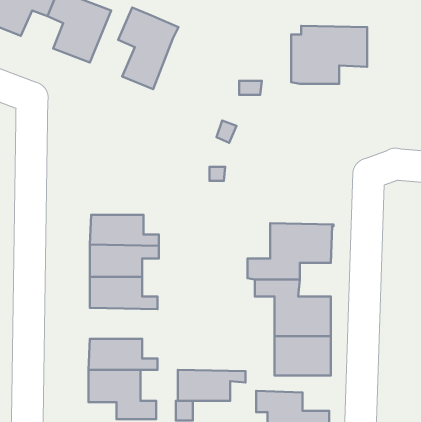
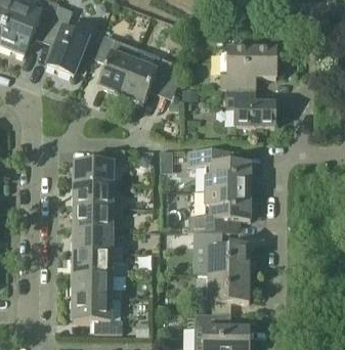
building: none -> [120,55,173,101]
building: none -> [225,88,275,125]
building: none -> [75,147,125,183]
building: none -> [188,148,251,190]
building: [178,370,245,401] -> [74,251,123,273]

